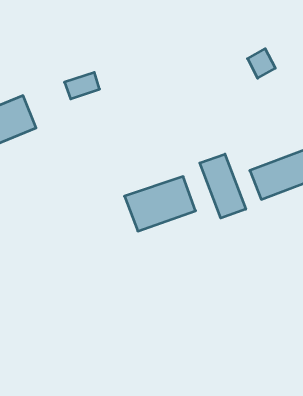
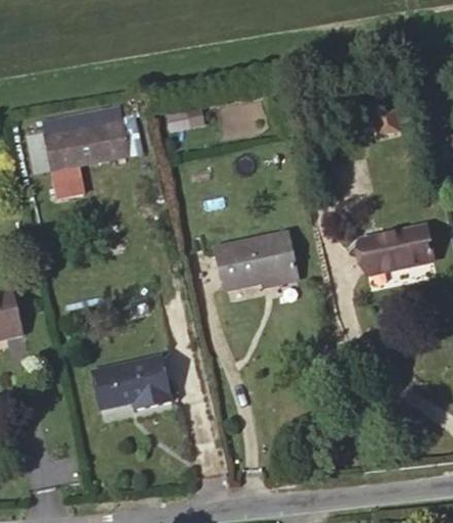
building: [200,154,246,218] -> none
building: none -> [97,353,171,406]

